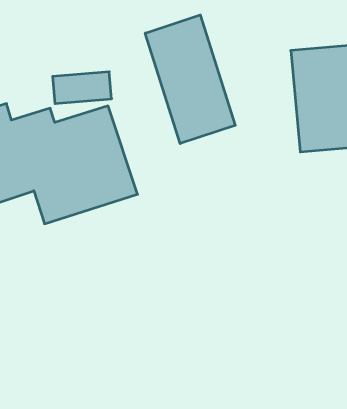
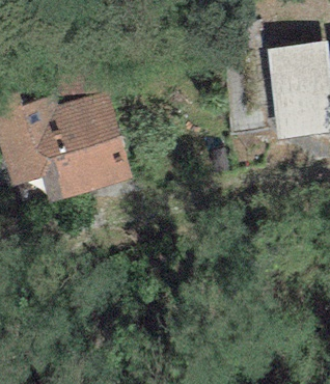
building: [145,15,235,144] -> none

